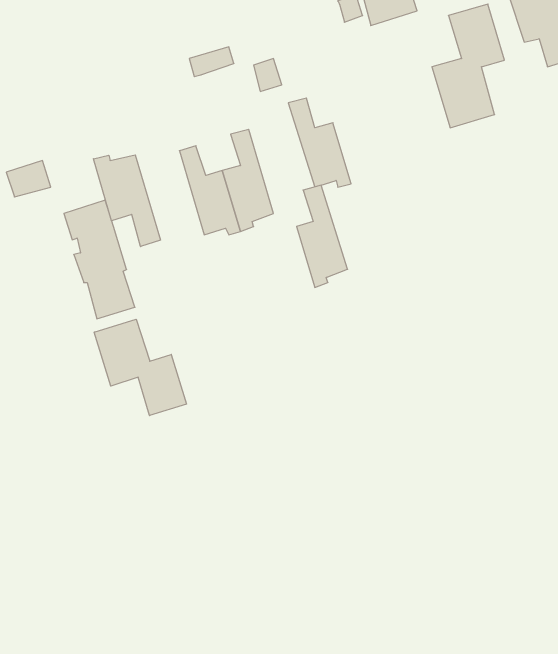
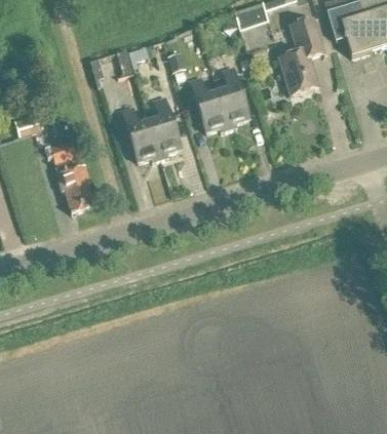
building: [93,155,161,247] -> none
building: [297,185,348,287] -> [218,66,249,129]
building: [94,319,187,416] -> none

